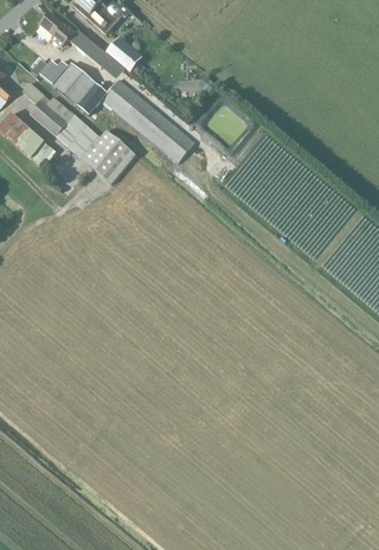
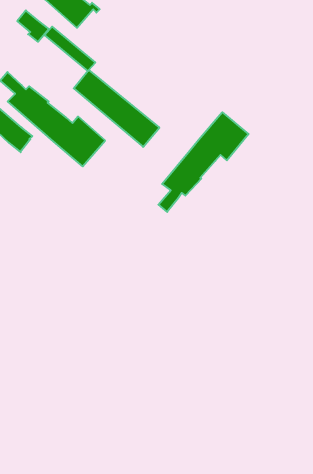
building: [105,37,140,69] -> none
building: [41,58,107,113] -> none
building: none -> [158,112,249,212]

